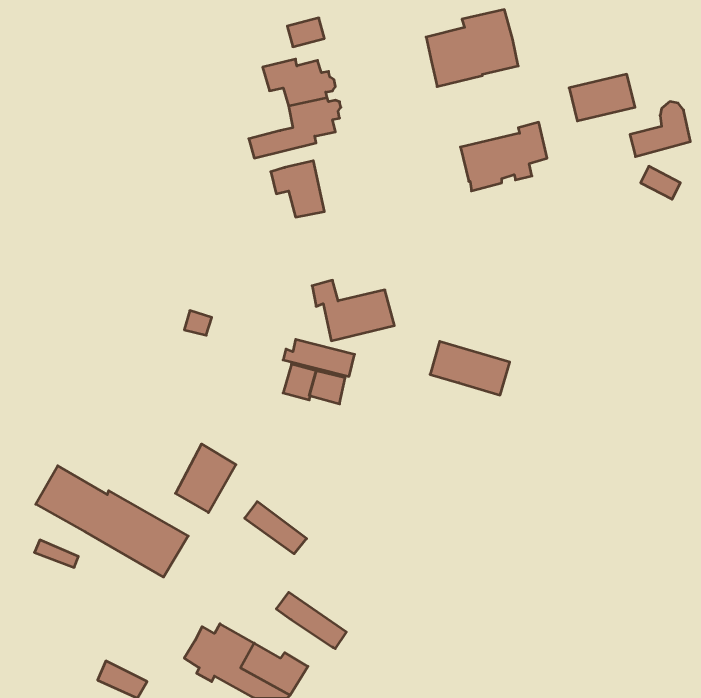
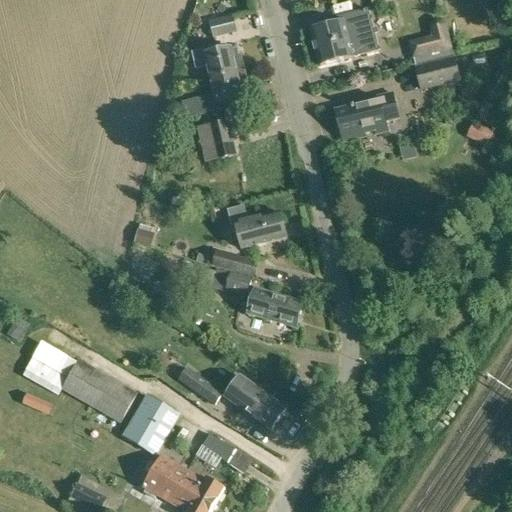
building: [630,102,690,157] -> [406,16,450,56]
building: [430,341,510,395] -> [245,287,303,326]
building: [175,444,236,513] -> [132,401,176,451]
building: none -> [229,377,286,428]

